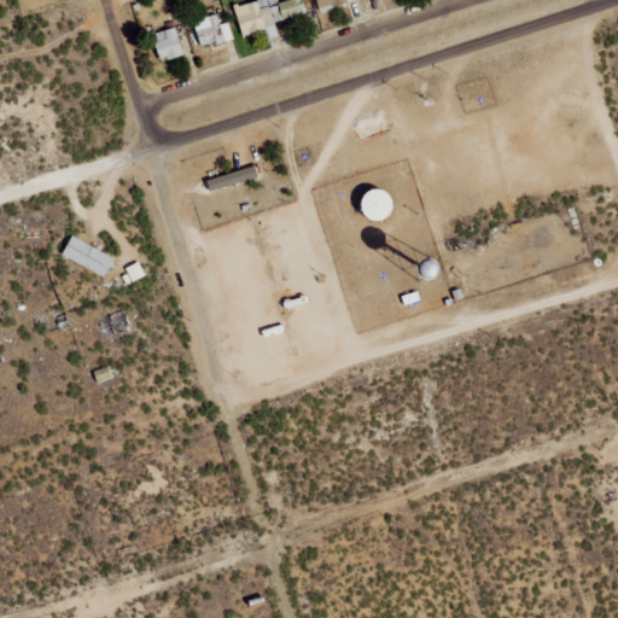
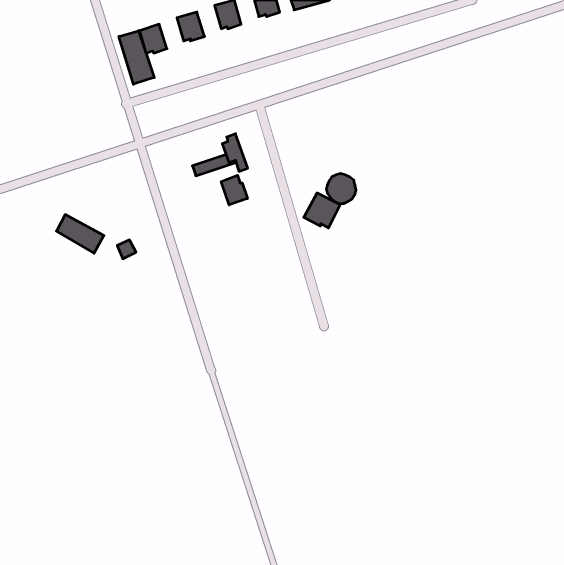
building: none -> [119,31,154,84]
building: none -> [221,175,247,205]
building: none -> [304,193,340,228]

